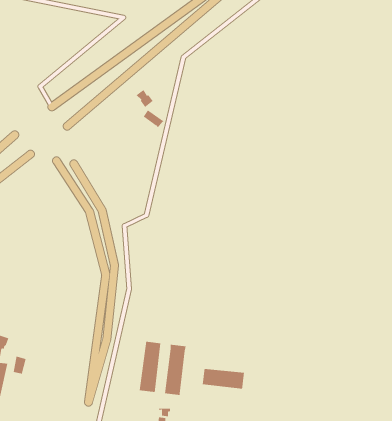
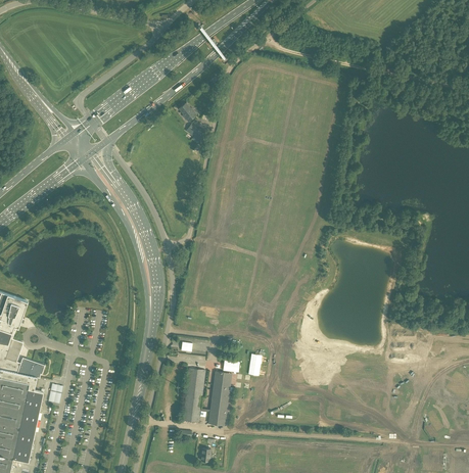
building: [202,368,245,390] -> none

